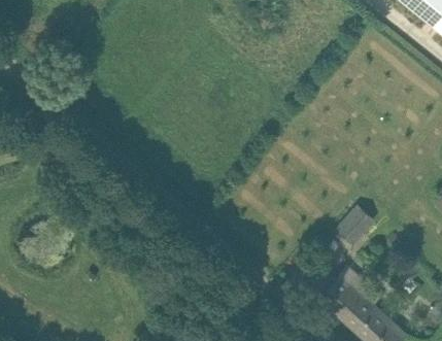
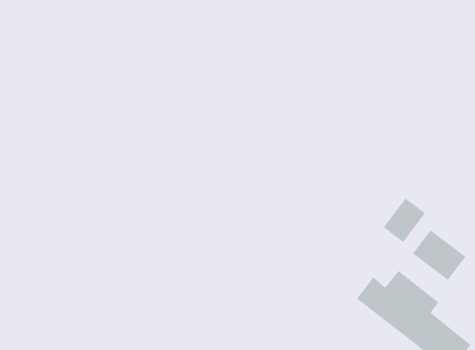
building: none -> [412,229,466,281]

